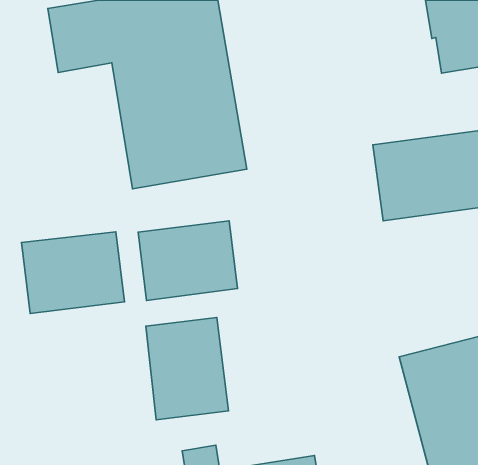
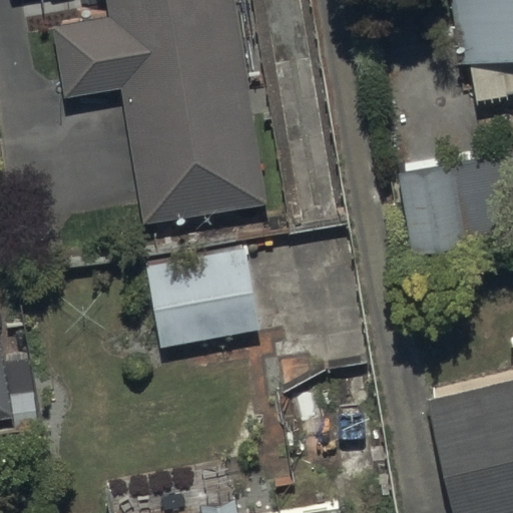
building: [22,232,124,313] -> none
building: [146,318,228,420] -> none

